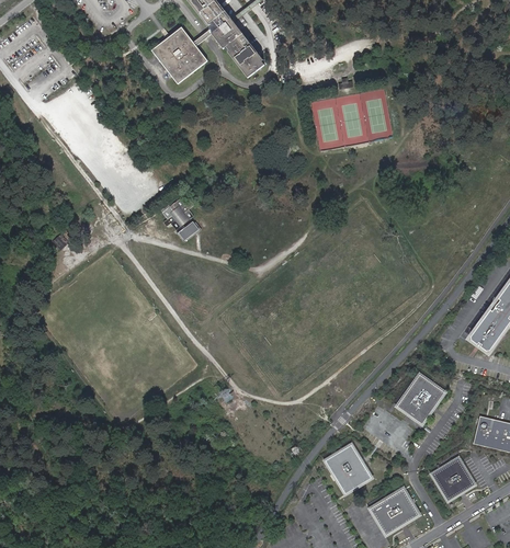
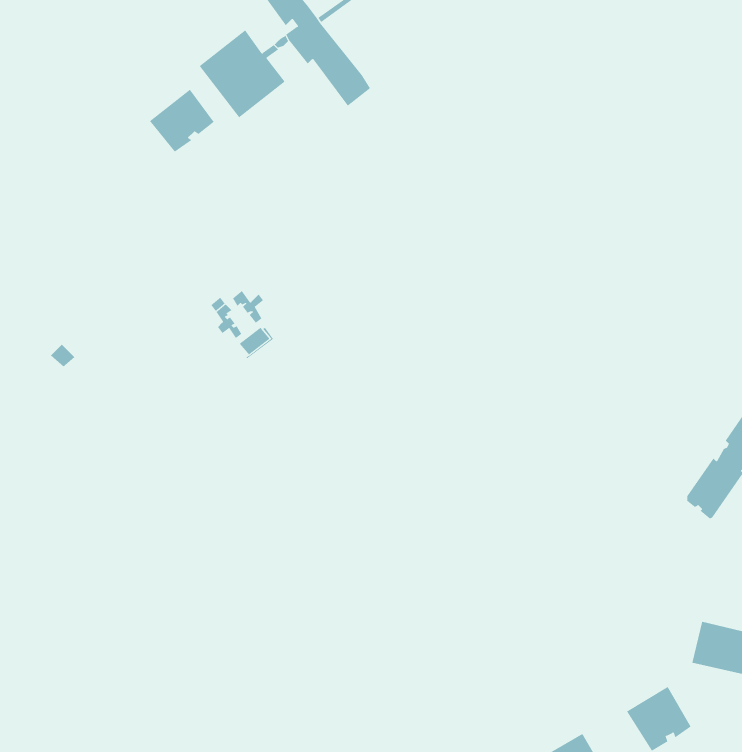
building: none -> [149,89,215,153]
building: [397,374,445,423] -> none
building: [325,443,372,492] -> none

